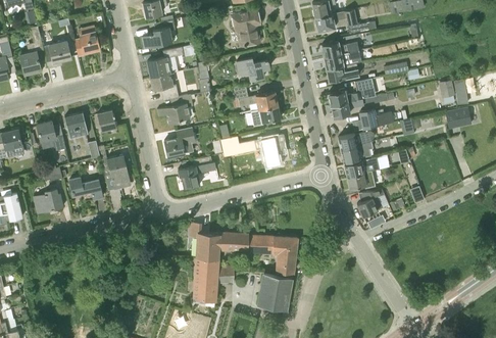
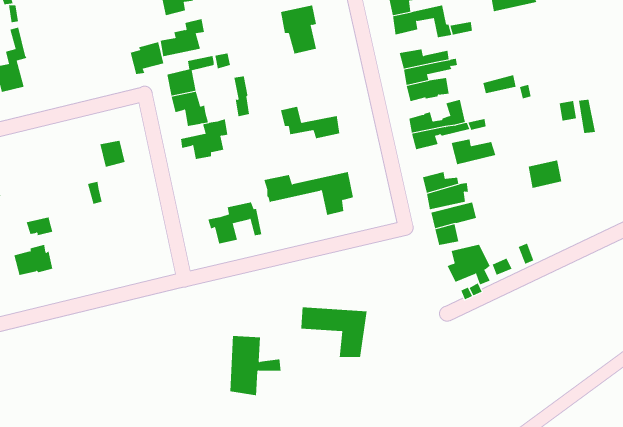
building: [73,33,99,57] -> [130,42,164,74]
building: [42,42,70,69] -> none
building: [235,59,269,82] -> none
building: [250,106,280,128] -> none
building: [445,108,470,130] -> [528,160,562,188]
building: [64,113,88,140] -> none
building: [36,122,65,151] -> none
building: [164,128,195,158] -> none
building: [106,156,129,191] -> none
building: [68,178,102,200] -> none
building: [189,224,248,258] -> none
building: [258,274,291,311] -> none

